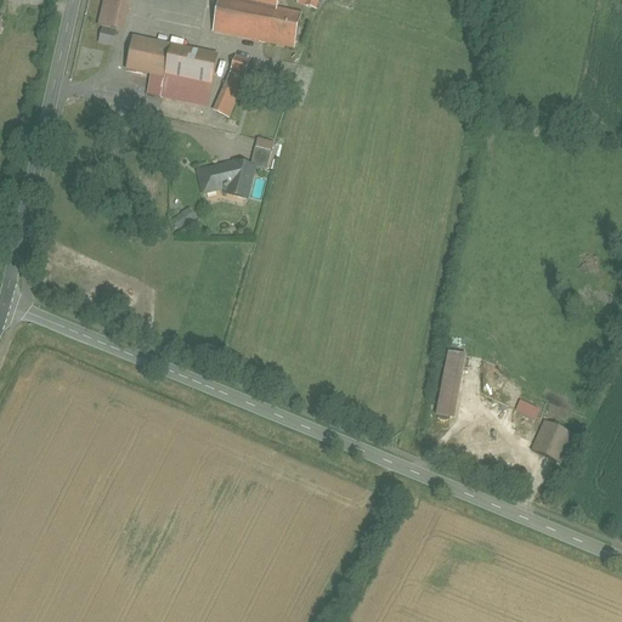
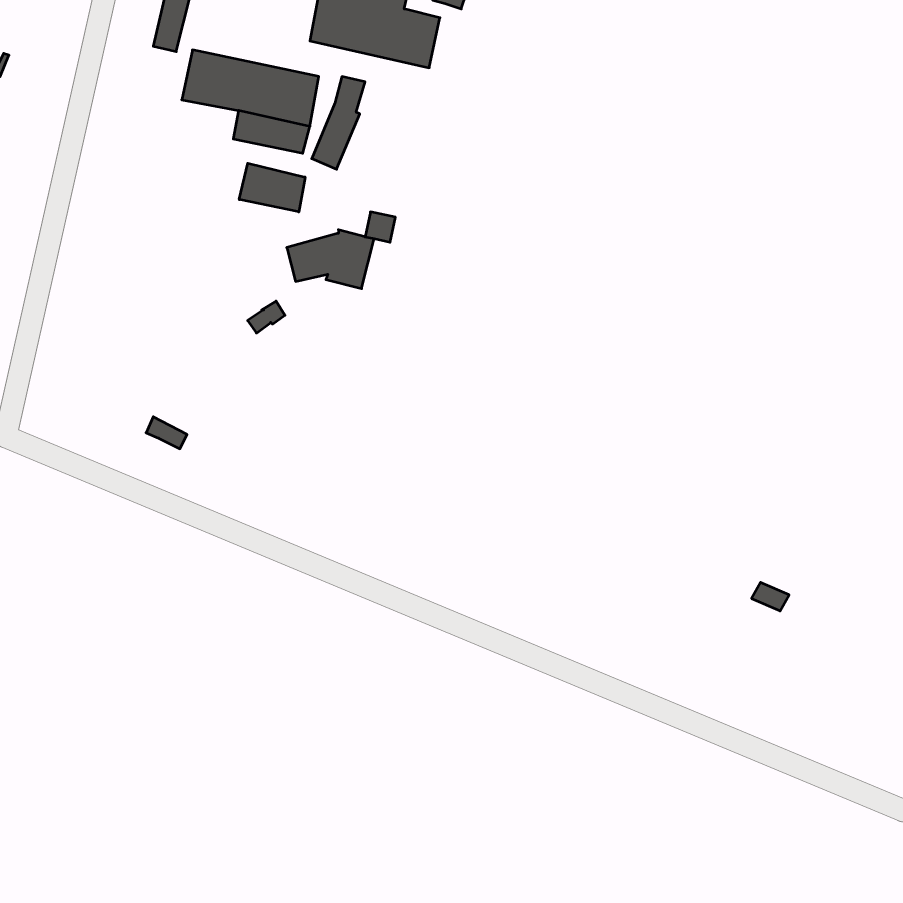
building: none -> [239,163,305,212]
building: [435,350,465,417] -> none
building: [528,418,566,459] -> none

